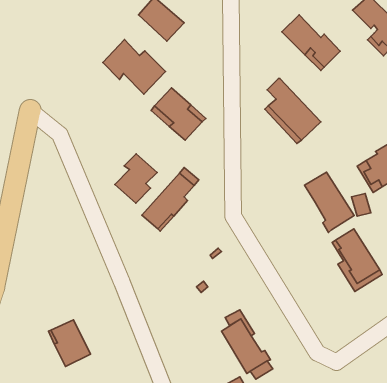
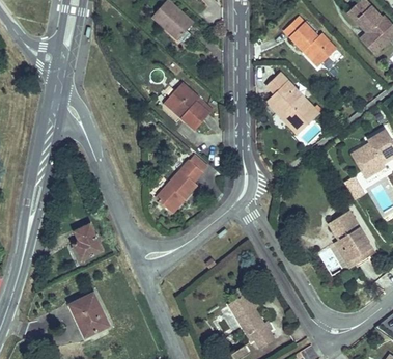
building: [103,40,165,94] -> none
building: [115,154,157,203] -> none
building: [304,172,354,232] -> none
building: none -> [73,223,104,261]

